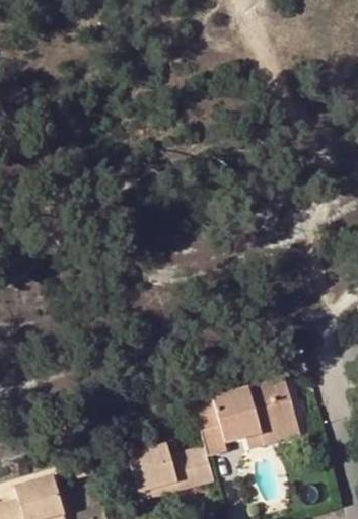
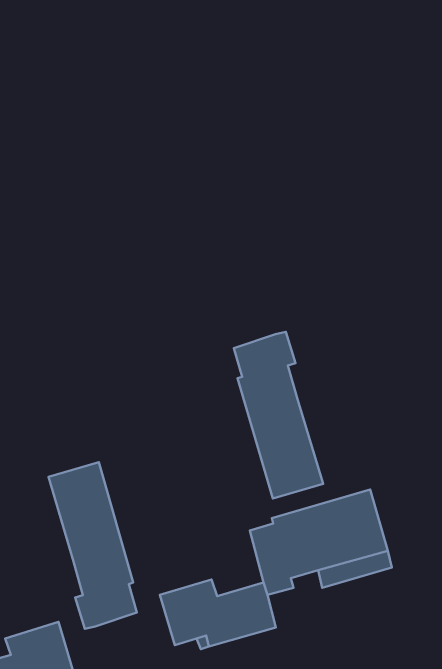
building: none -> [234,332,323,499]
building: none -> [48,462,137,629]

